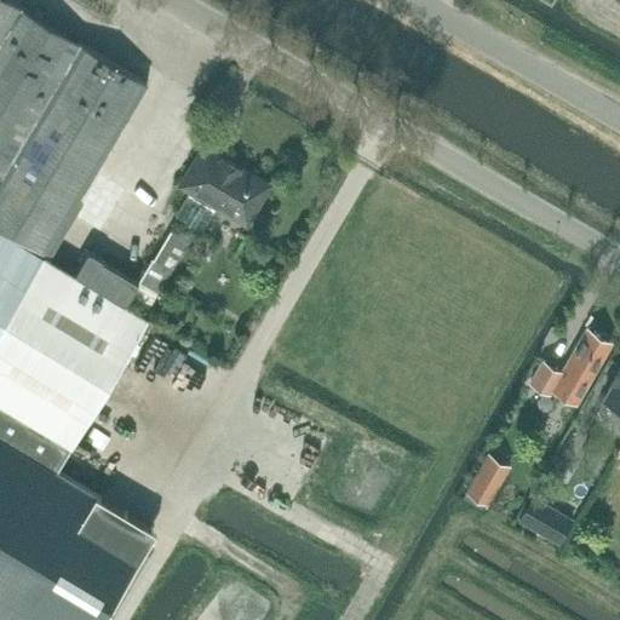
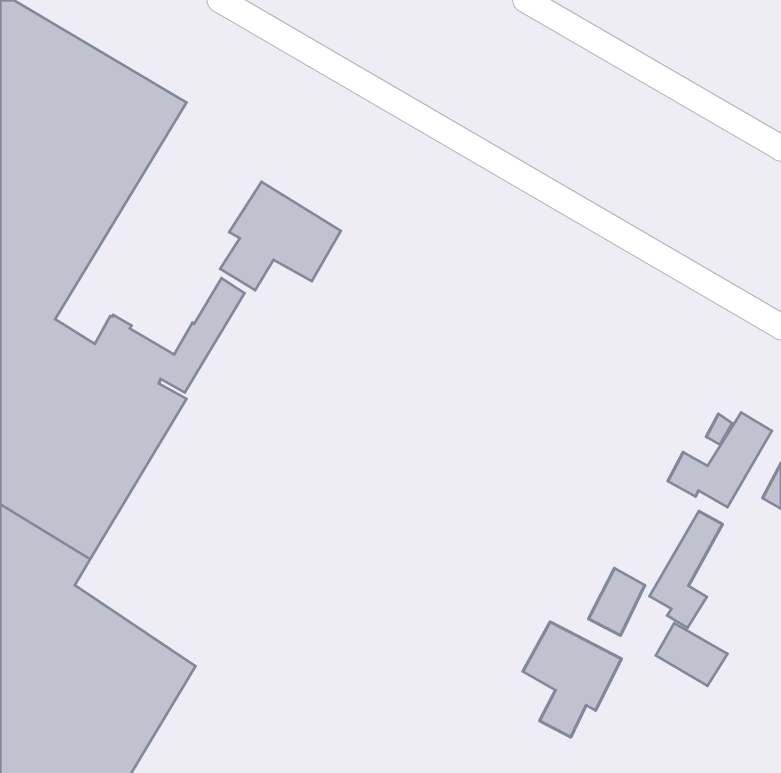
building: none -> [649,511,722,628]
building: none -> [523,622,621,737]

